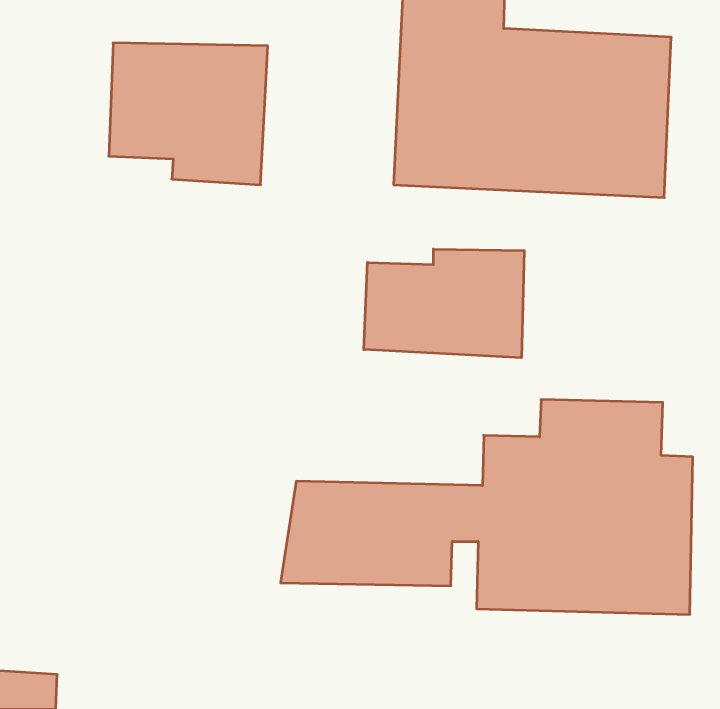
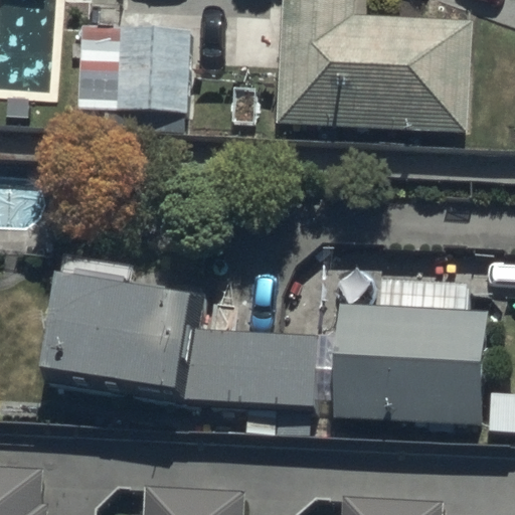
building: [364,249,524,358] -> none
building: none -> [49,263,199,412]

